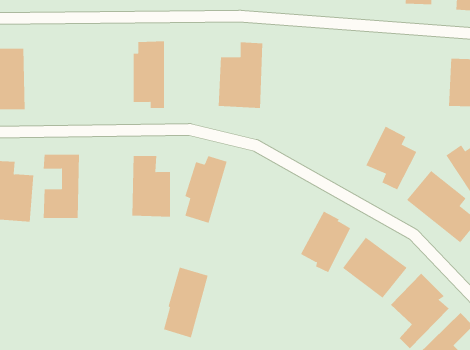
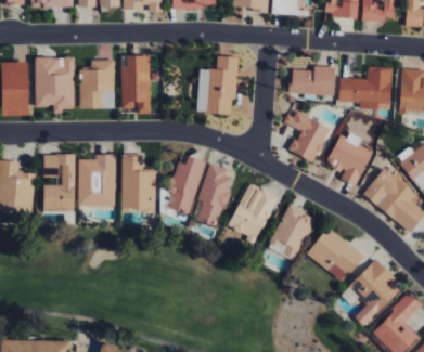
building: none -> [34,56,74,110]
building: none -> [78,60,114,108]
building: none -> [290,66,335,95]
building: none -> [338,67,391,109]
building: none -> [283,109,330,162]
building: none -> [77,154,115,206]
building: none -> [227,183,278,242]
building: [163,267,209,338] -> [193,165,233,227]

